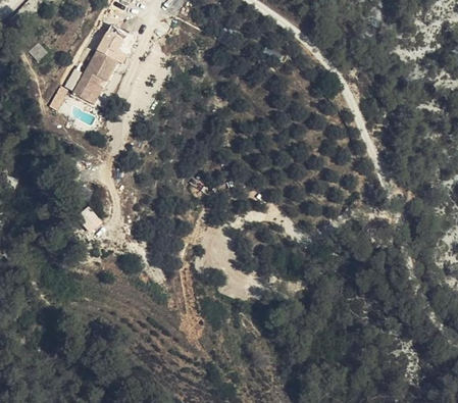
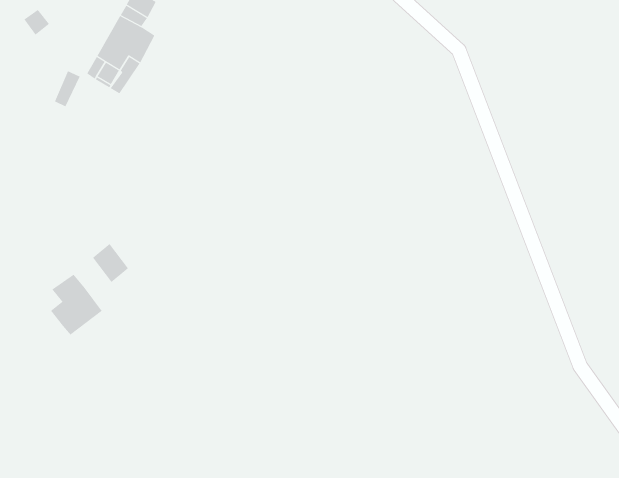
building: none -> [50,274,102,336]

